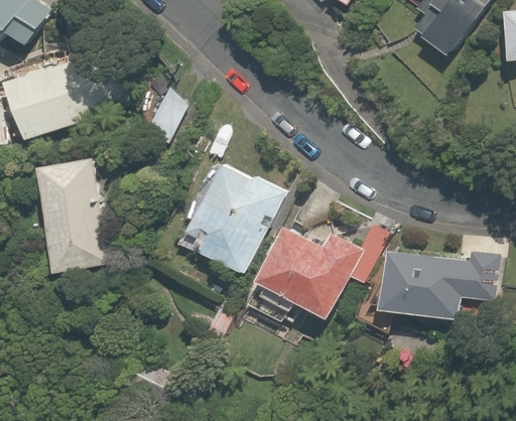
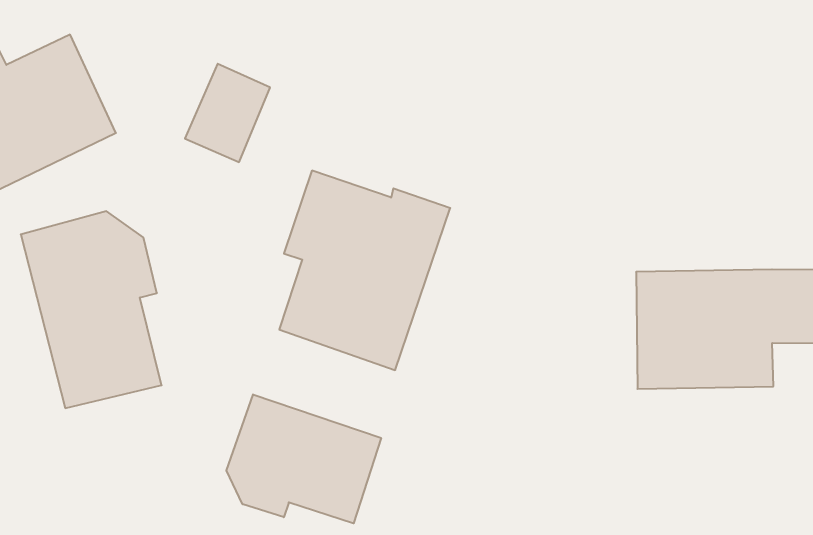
building: [250,220,391,326] -> none
building: none -> [226,394,381,523]

